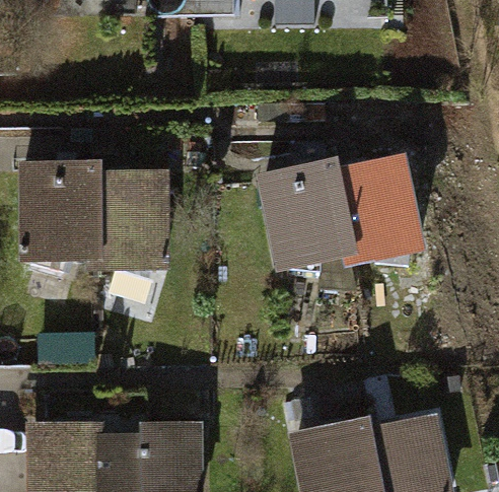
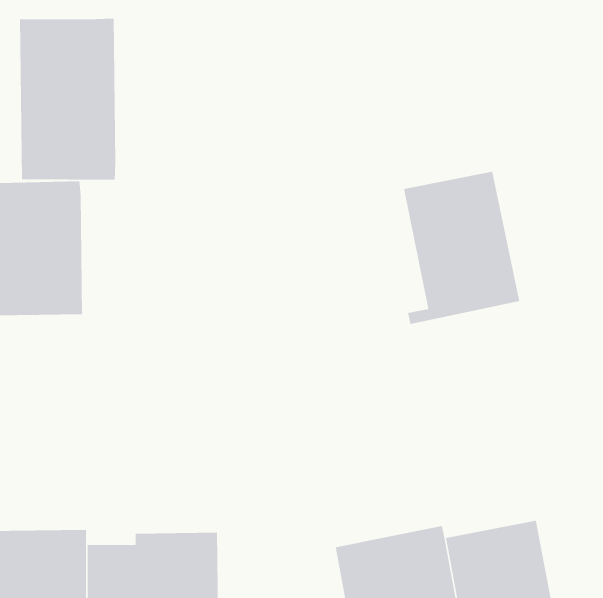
building: none -> [19,18,116,181]
building: [255,159,357,274] -> none
building: [84,171,170,272] -> none

